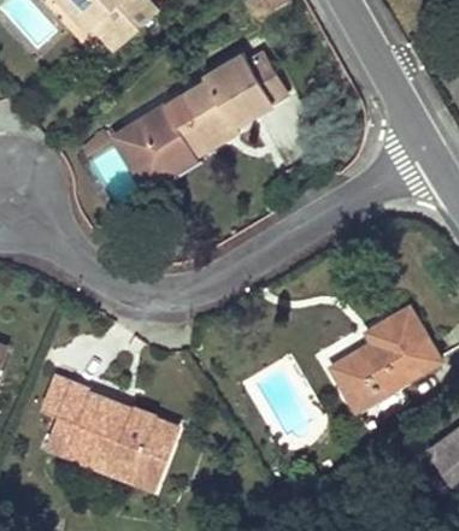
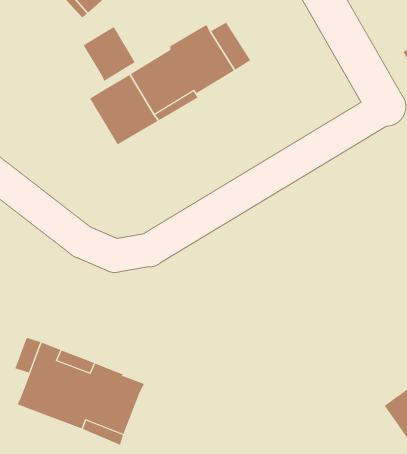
building: none -> [83,26,136,82]
building: [331,309,437,408] -> none

